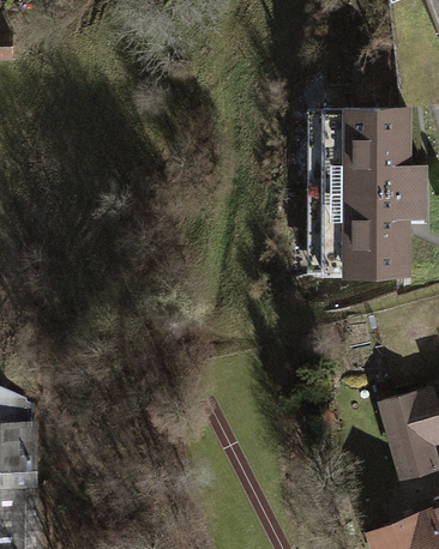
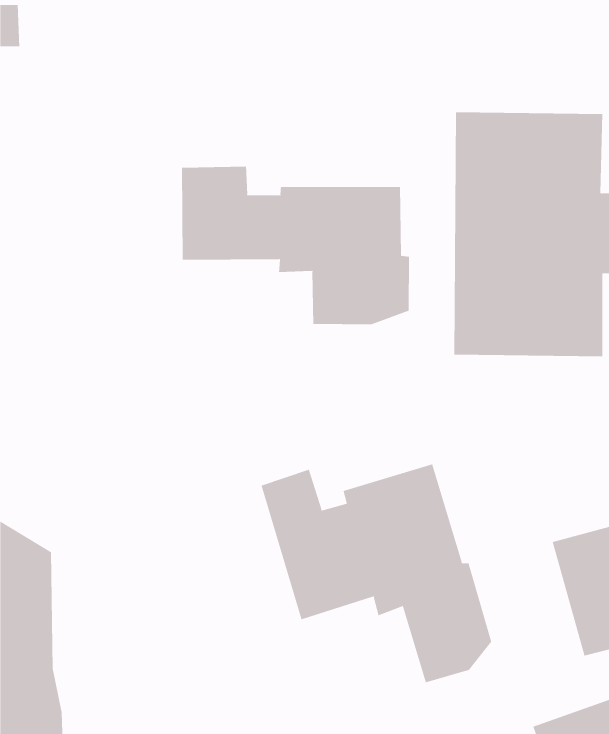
building: none -> [181,166,409,325]
building: none -> [261,463,492,683]

